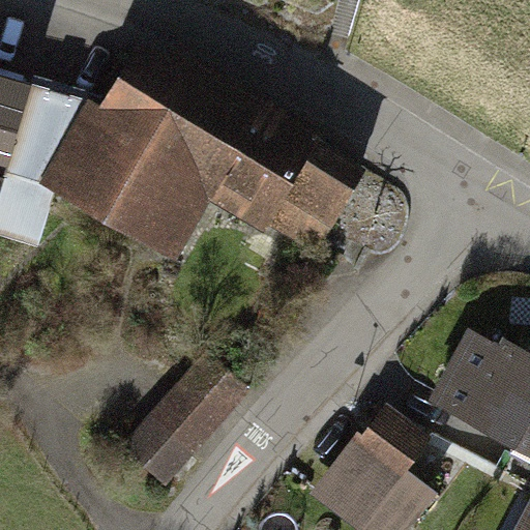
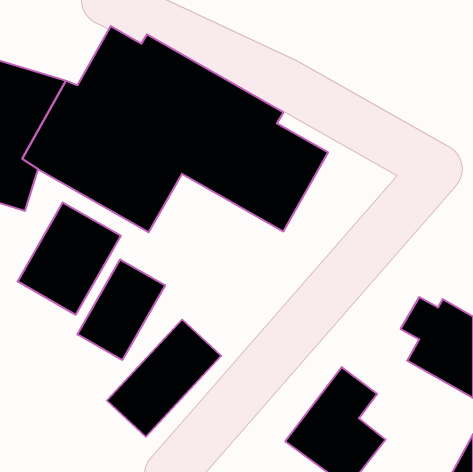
building: none -> [18,202,121,315]
building: none -> [77,259,165,360]

